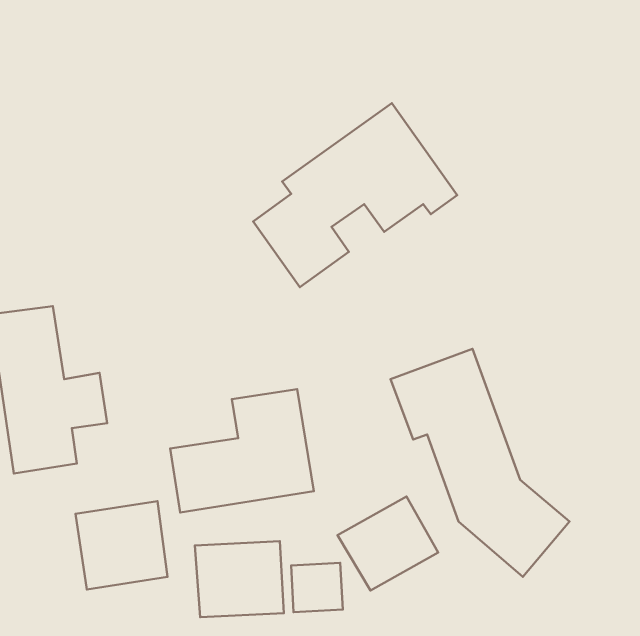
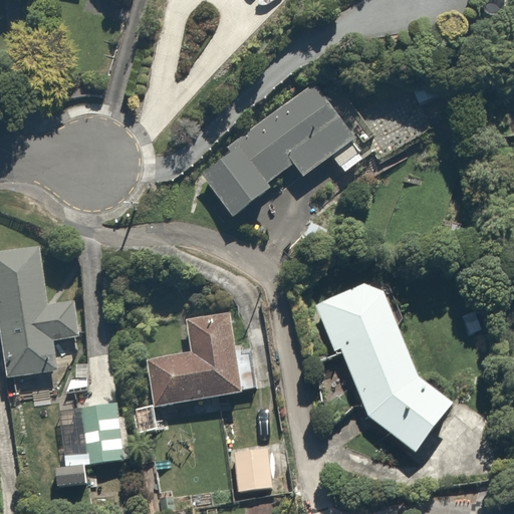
building: [338,497,438,590] -> none
building: [195,541,284,617] -> none

